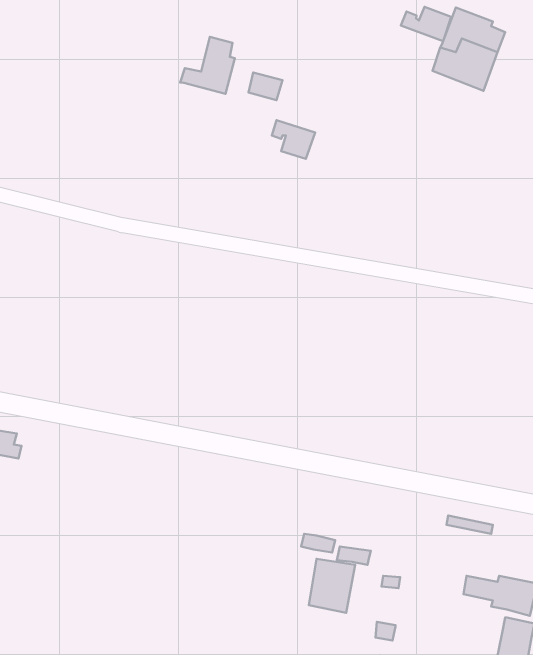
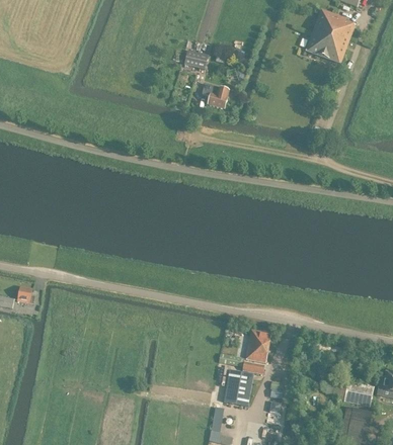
building: [401,7,451,41] -> none
building: [180,37,235,94] -> none
building: none -> [246,329,271,362]

